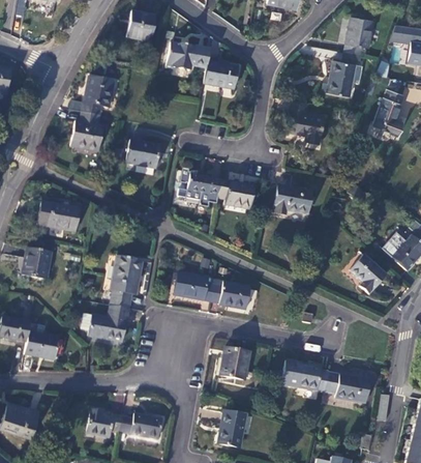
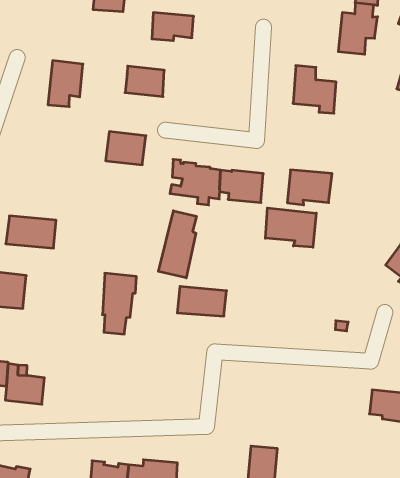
building: [203,61,237,89] -> [125,66,164,97]
building: [70,111,102,150] -> none
building: none -> [158,211,196,278]
building: none -> [265,208,316,247]
building: [211,280,250,309] -> none
building: [79,305,127,341] -> none
building: [219,347,249,379] -> none
building: [280,360,328,393] -> none

